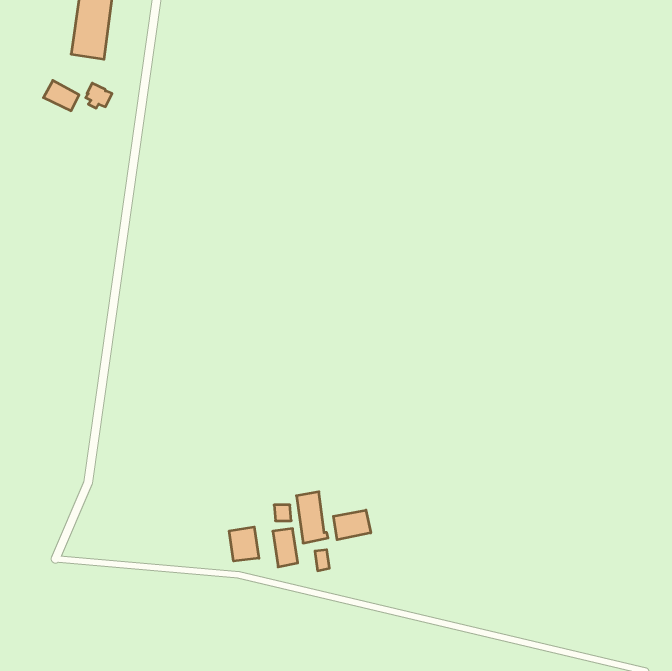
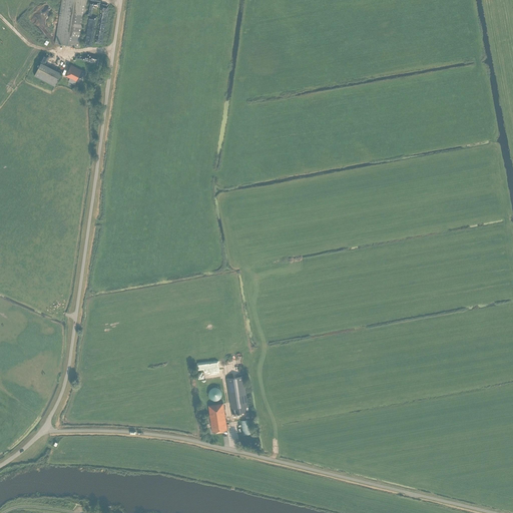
building: [333,510,371,540] -> none
building: [229,527,259,561] -> none

